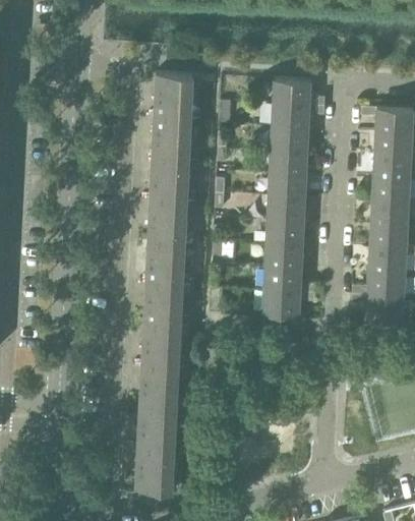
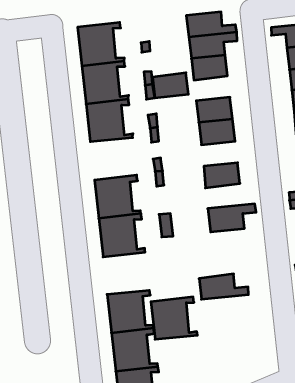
building: [270,150,307,174] -> [152,73,188,98]
building: [147,197,195,241] -> none
building: [266,220,304,245] -> none
building: [263,267,315,292] -> [199,274,248,299]
building: [141,323,189,366] -> [151,297,197,339]

